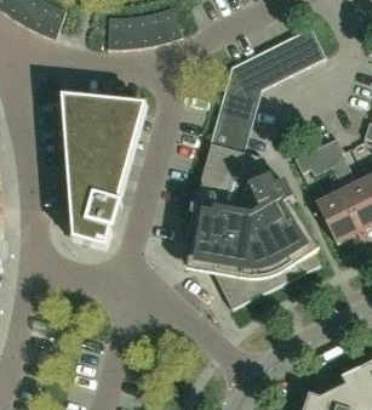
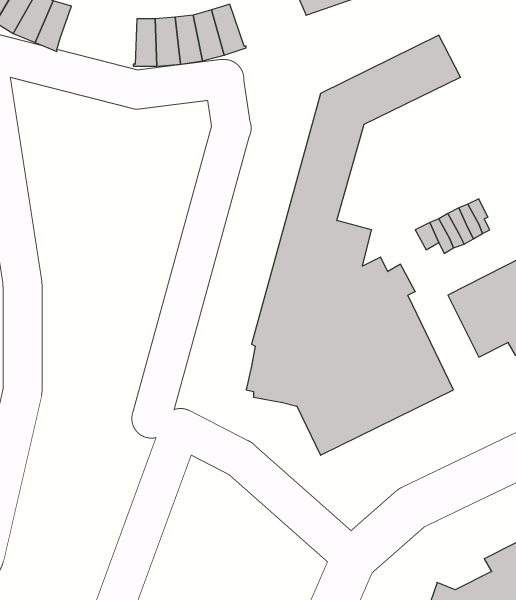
building: [61,96,148,250] -> none

